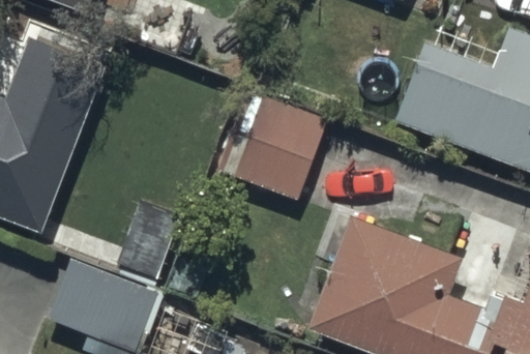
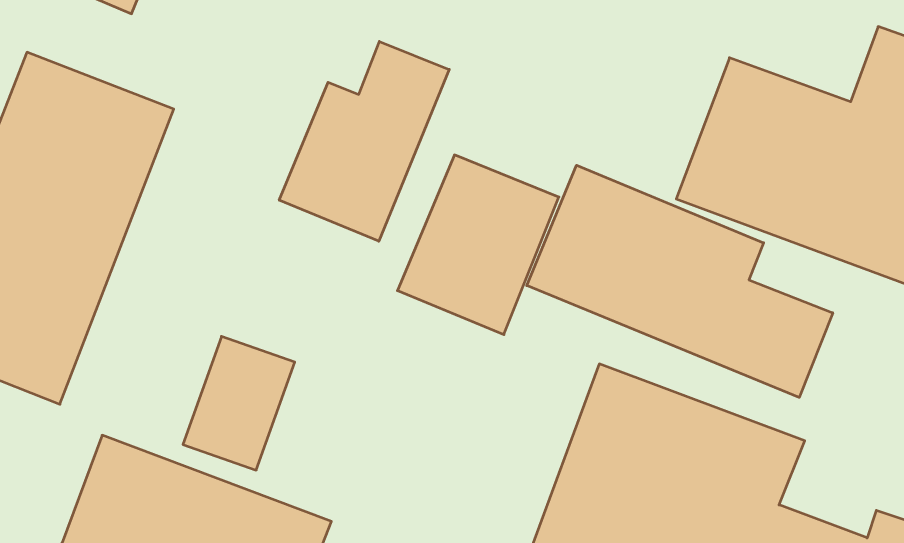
building: none -> [279,41,449,241]
building: none -> [527,165,833,397]

